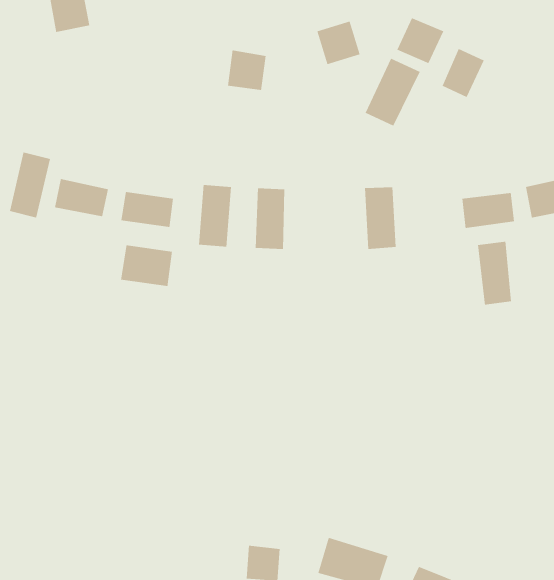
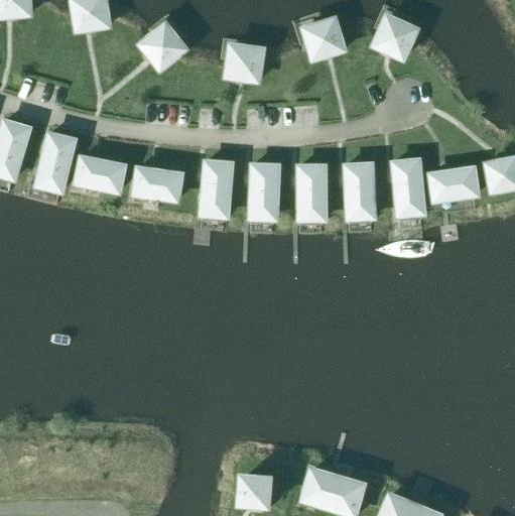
building: none -> [141,24,184,68]
building: [442,48,484,98] -> none
building: [365,58,420,126] -> none
building: none -> [299,165,325,219]
building: [477,241,512,305] -> [393,159,423,215]
building: [120,244,172,287] -> none

